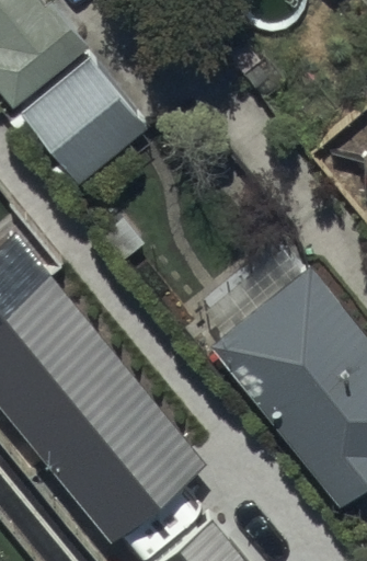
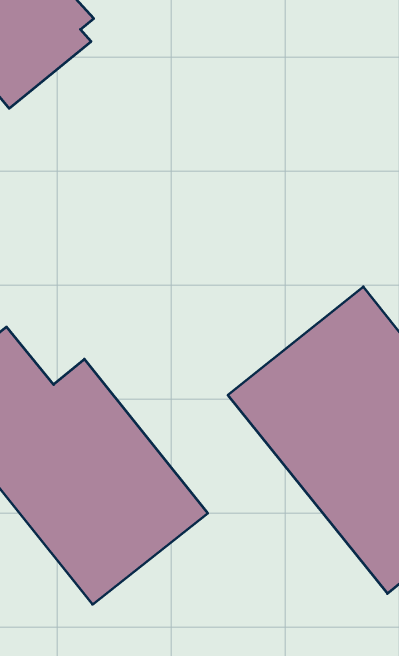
building: [25,60,145,180] -> none

